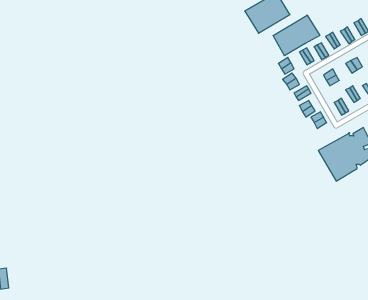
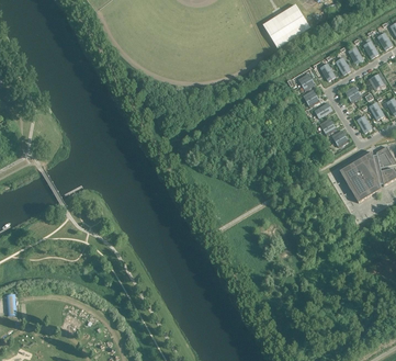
building: [273,15,320,56] -> none

